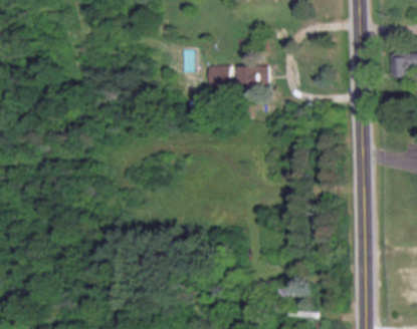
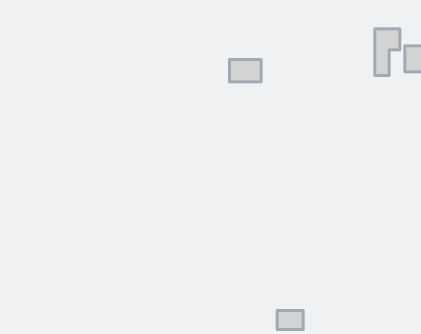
building: none -> [375,29,400,76]
building: [206,65,228,85] -> none

